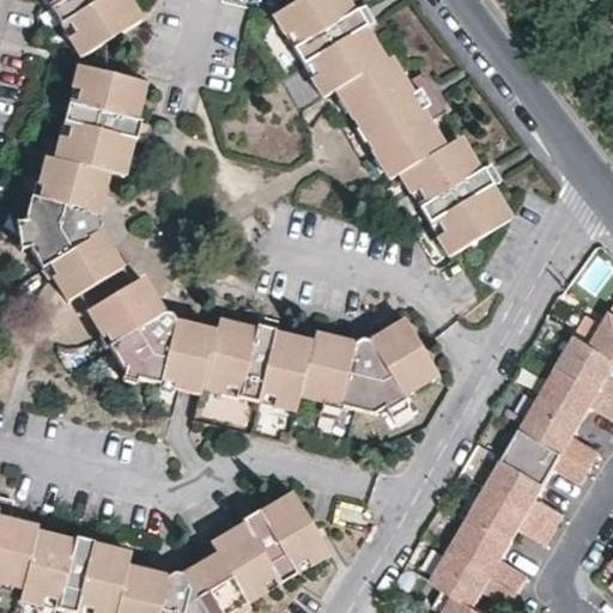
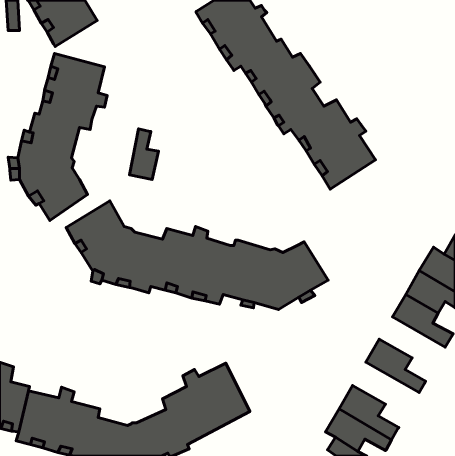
building: none -> [129,129,158,179]
building: [509,425,597,481] -> none
building: [473,486,563,542] -> none

